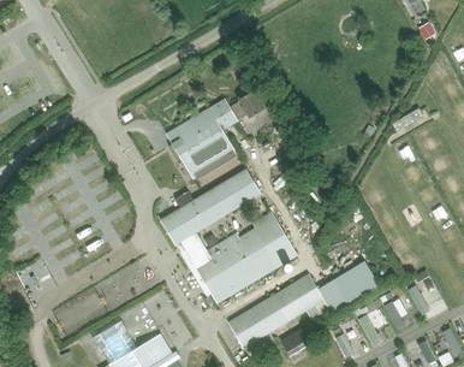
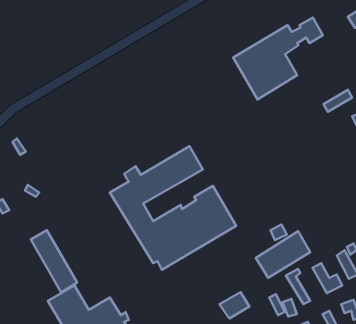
building: [166,90,263,179] -> [233,18,323,99]
building: none -> [31,230,77,293]
building: [228,273,332,348] -> none

